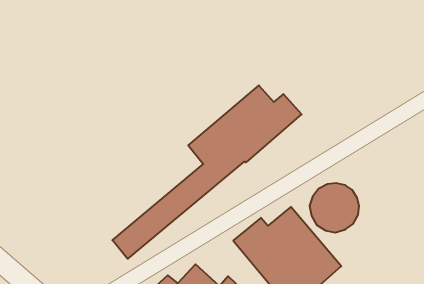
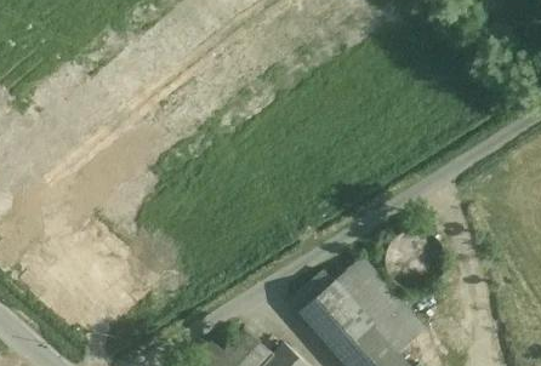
building: [112,85,302,259] -> none

